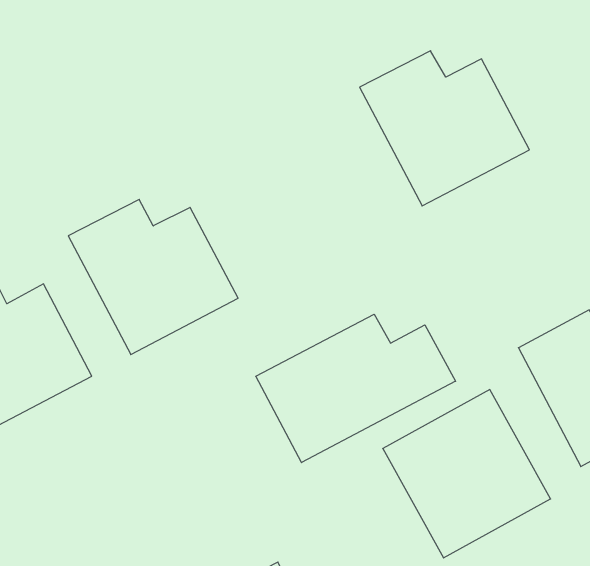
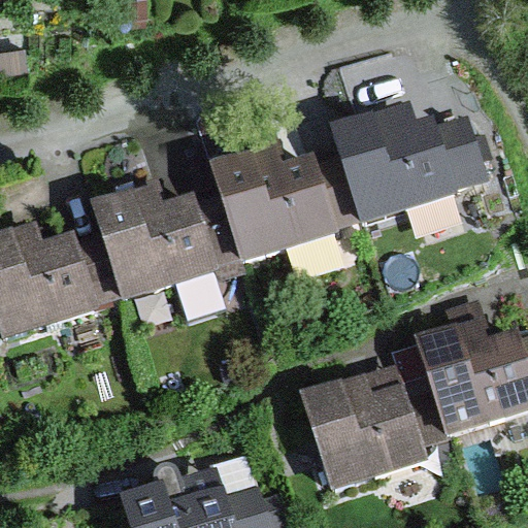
building: none -> [212,144,332,260]
building: [256,314,456,463] -> none

